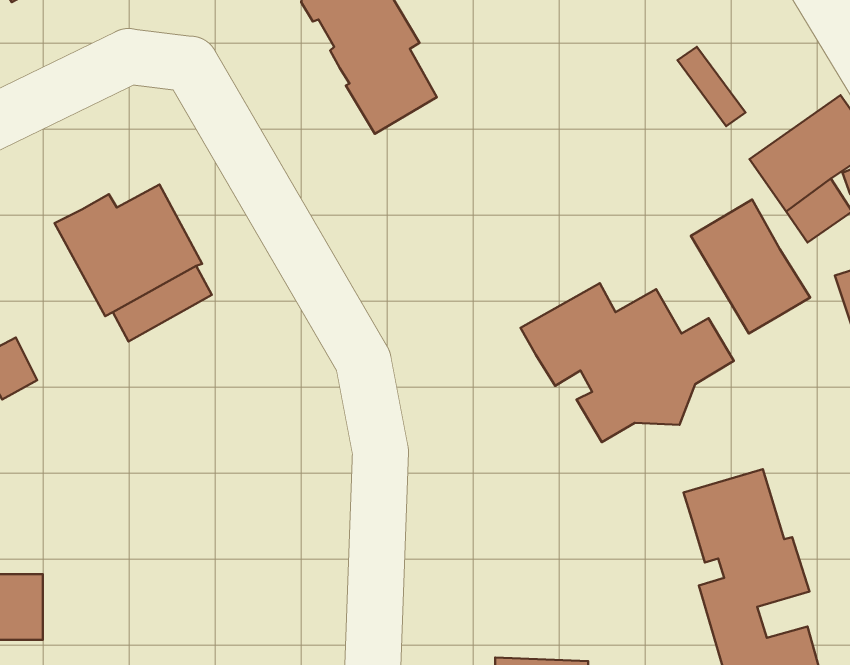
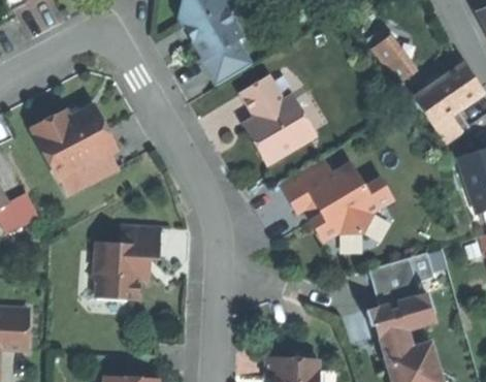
building: none -> [231,71,305,158]
building: [691,200,810,333] -> none
building: none -> [94,225,167,298]

